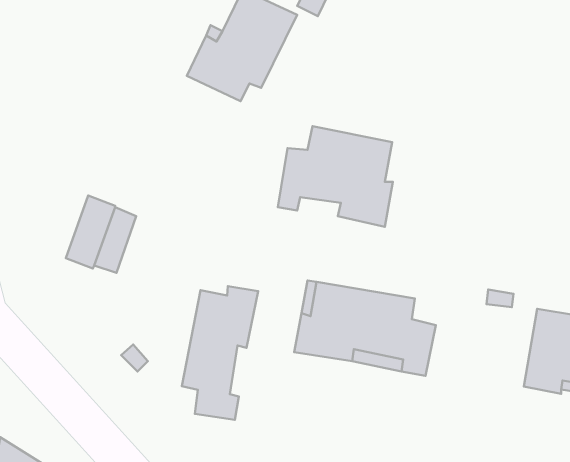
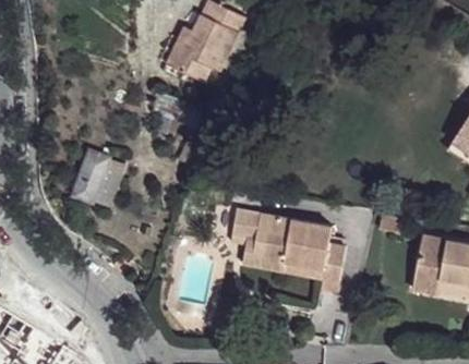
building: [278,126,393,227] -> none
building: [182,286,258,420] -> none

